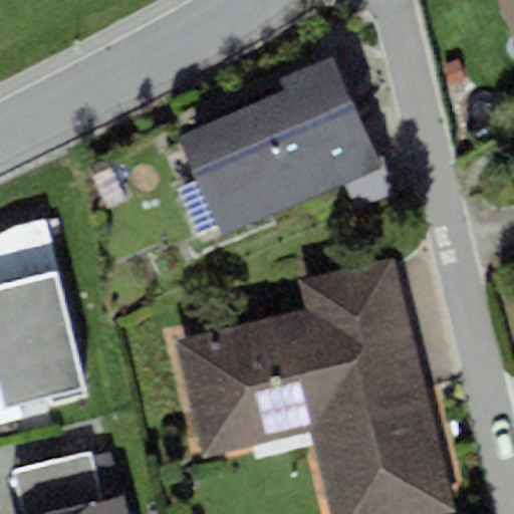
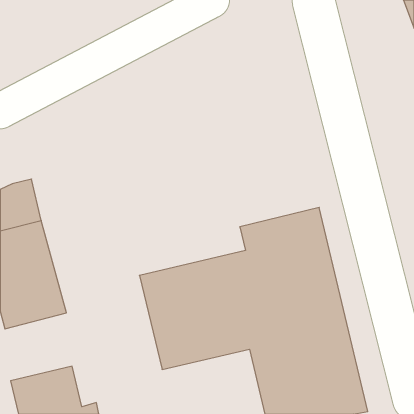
building: [175,57,381,238] -> none

